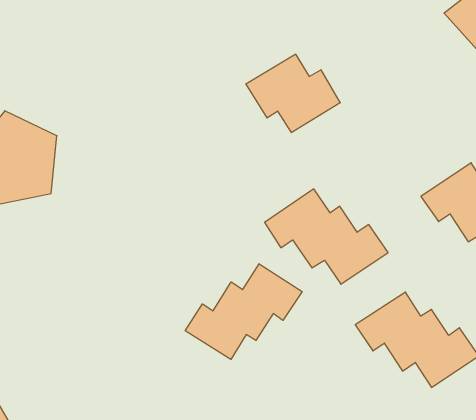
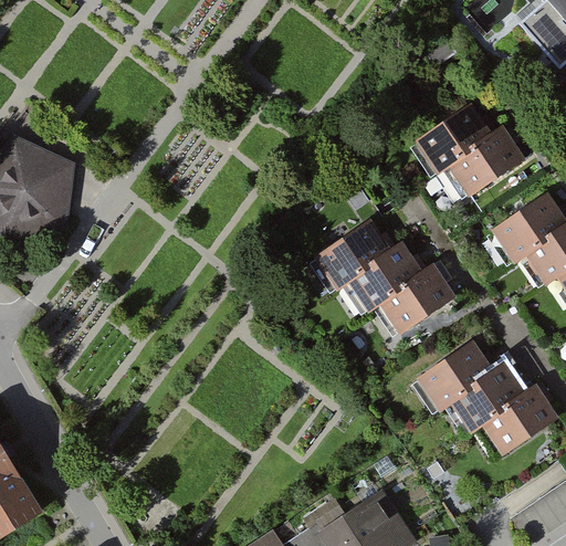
building: [246,54,340,132] -> [415,107,523,197]
building: [185,264,302,359] -> none

